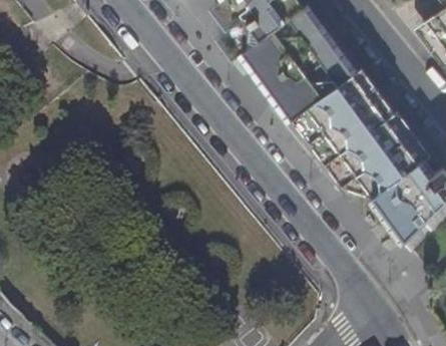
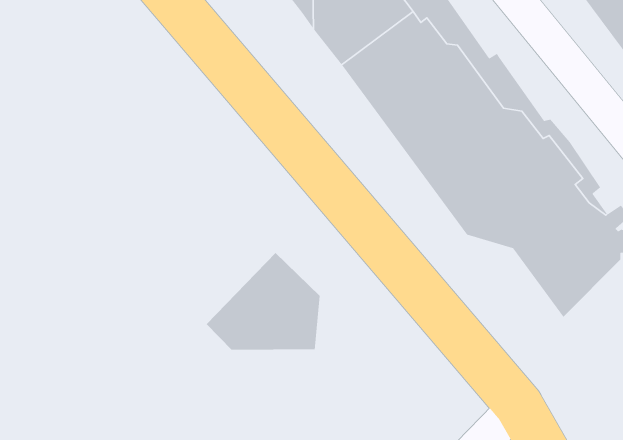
building: none -> [206,252,320,350]

